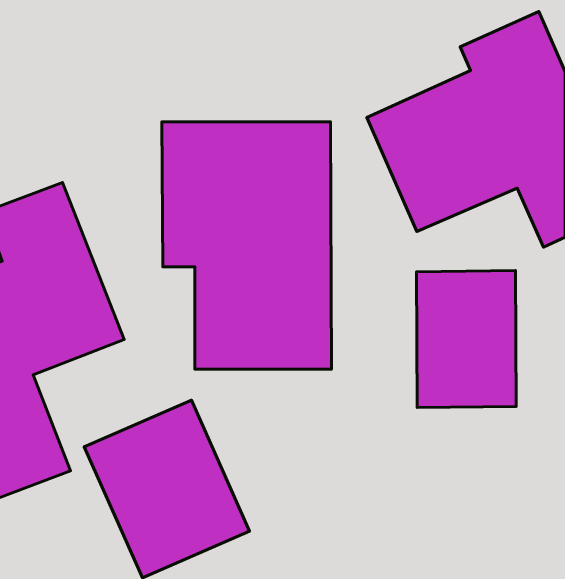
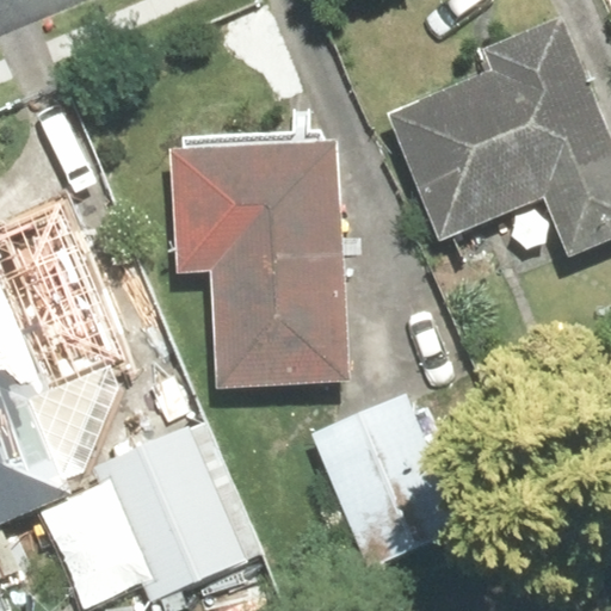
building: [416,271,516,408] -> none
building: none -> [308,394,461,566]

